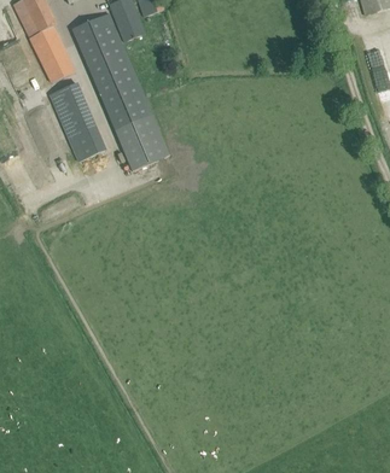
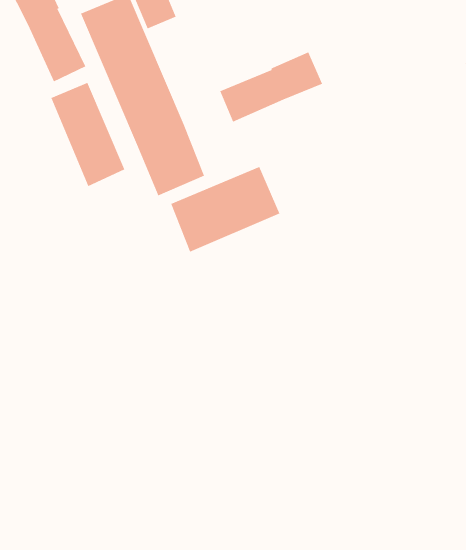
building: none -> [219,51,323,123]
building: none -> [170,166,280,252]

